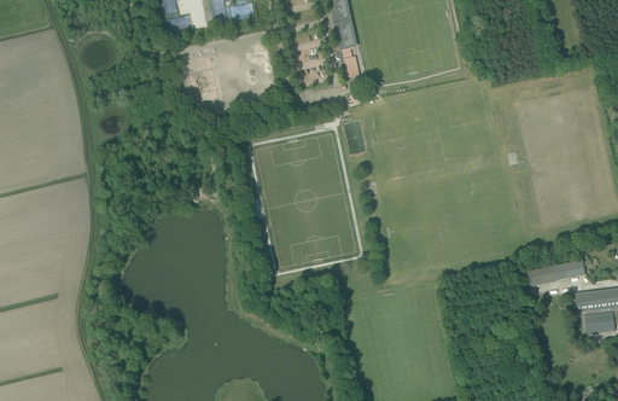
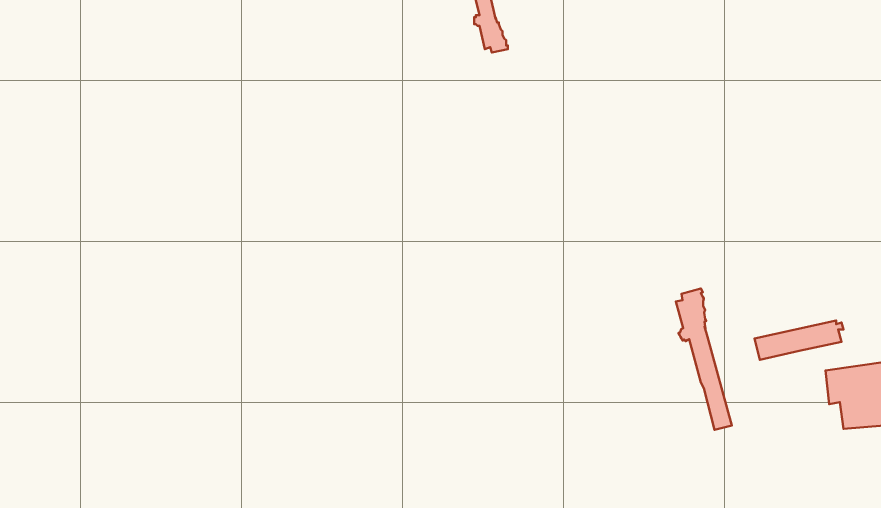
building: none -> [676,288,732,430]

